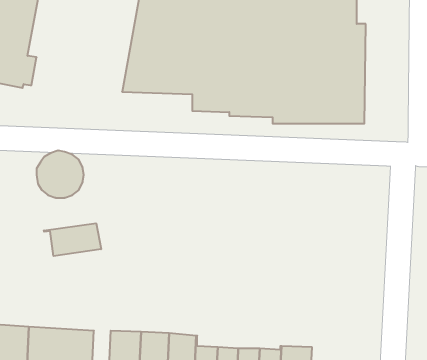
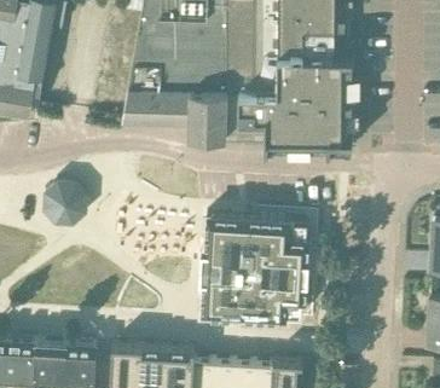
building: none -> [199,215,308,320]
building: [44,223,101,256] -> none

